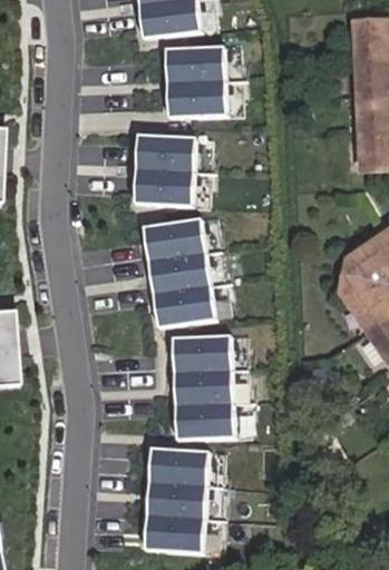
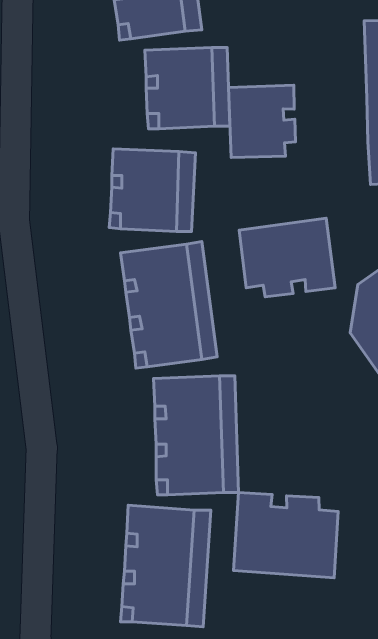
building: none -> [228,85,295,158]
building: none -> [239,218,335,297]
building: none -> [233,492,338,578]

